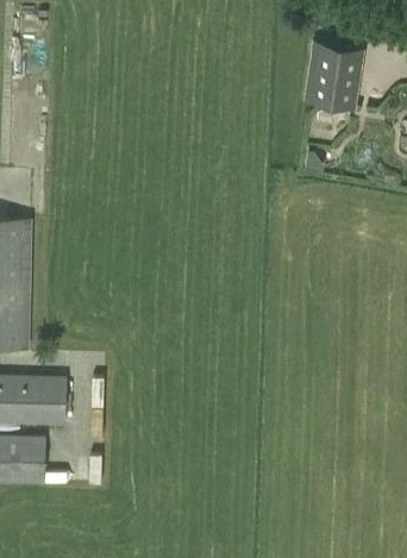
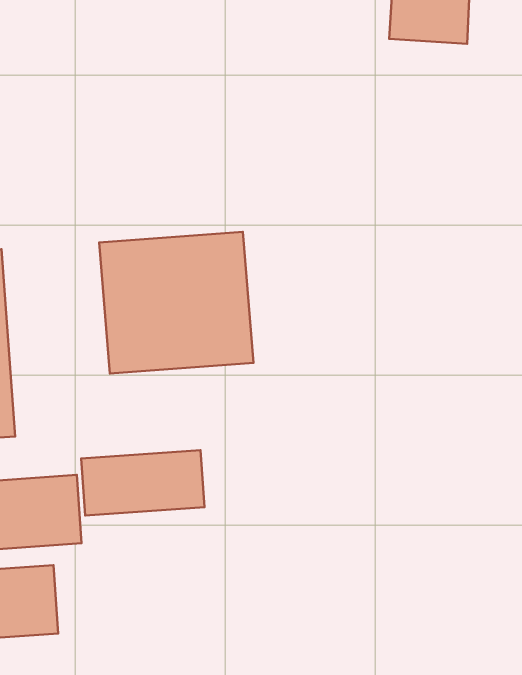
building: none -> [99,232,253,374]
building: none -> [81,450,205,516]

